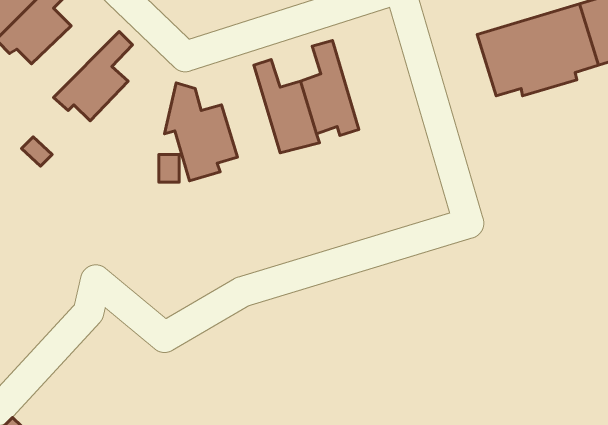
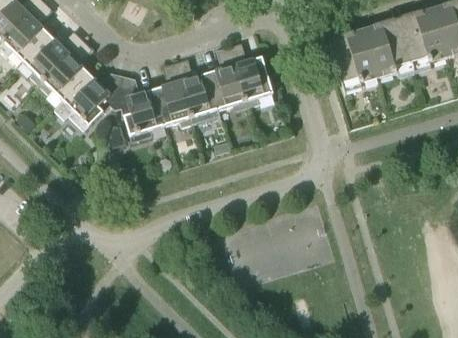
building: none -> [23,31,83,85]
building: none -> [229,43,273,107]
building: none -> [153,63,193,127]
building: none -> [54,72,122,130]

